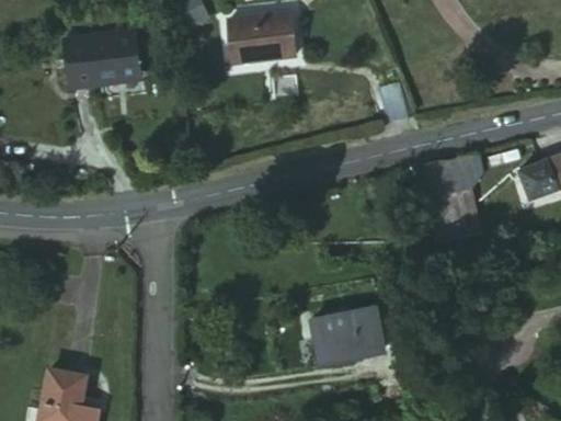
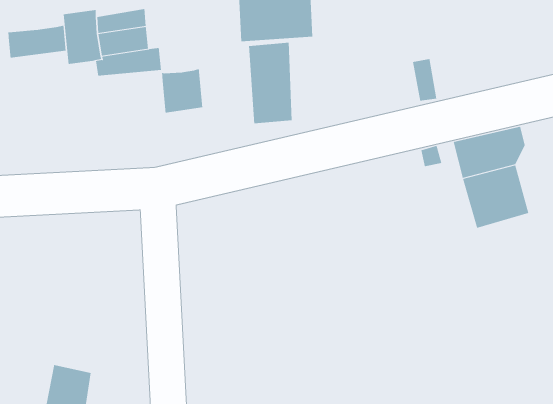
building: none -> [8,25,66,59]
building: none -> [249,42,292,124]
building: none -> [161,68,203,113]
building: [306,305,381,360] -> none

